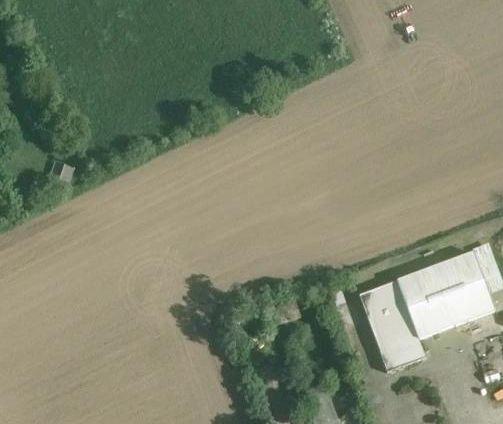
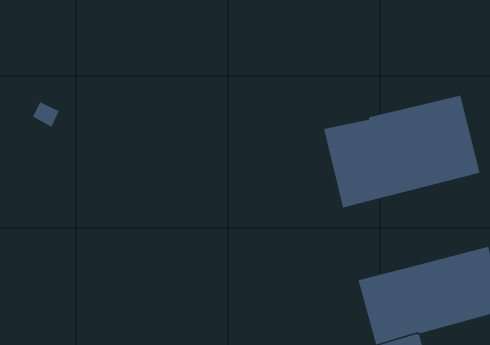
building: none -> [323,95,480,209]

